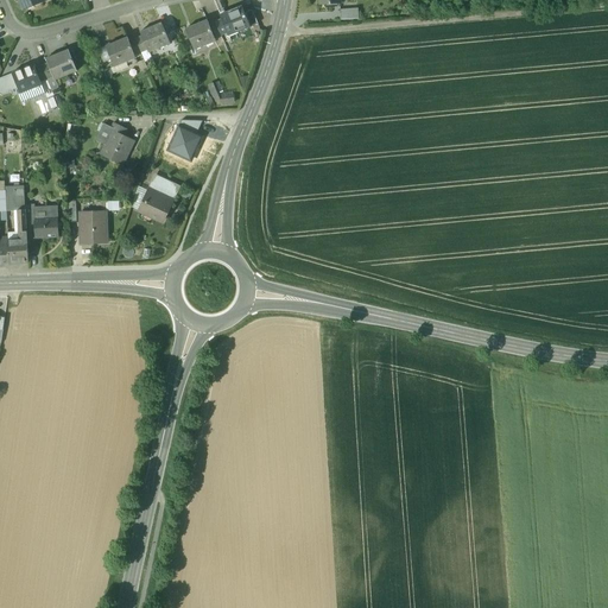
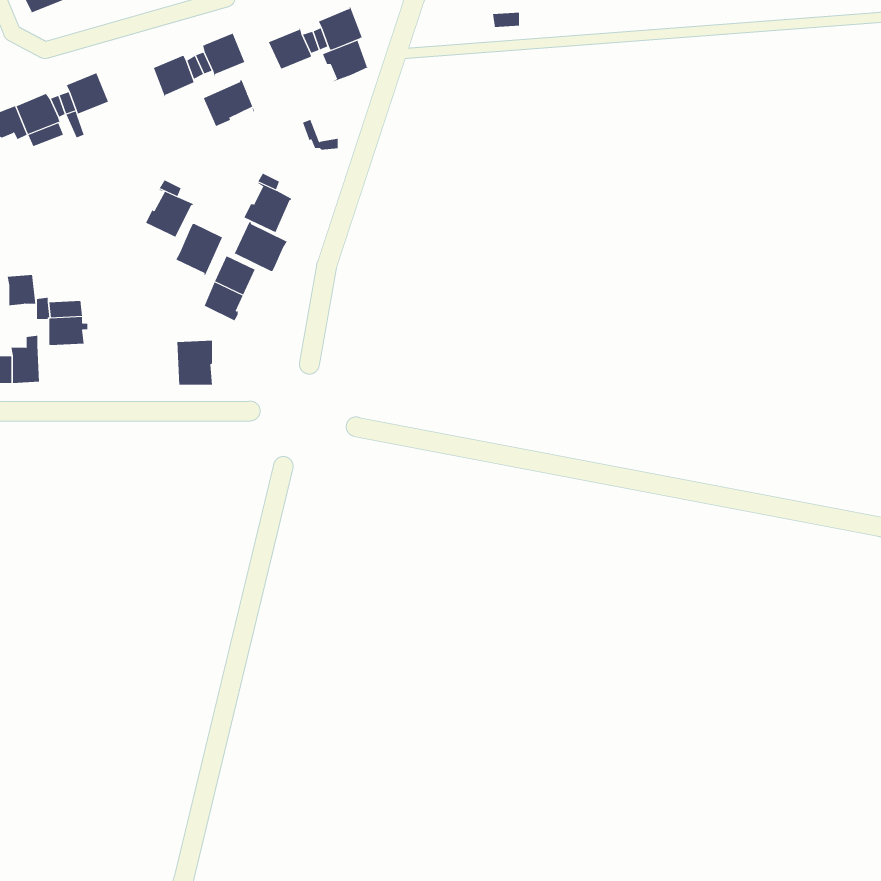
building: none -> [322,40,369,83]
building: none -> [202,80,255,127]
building: none -> [234,221,288,272]
building: none -> [175,223,223,276]
building: [80,211,104,242] -> [177,340,213,385]

